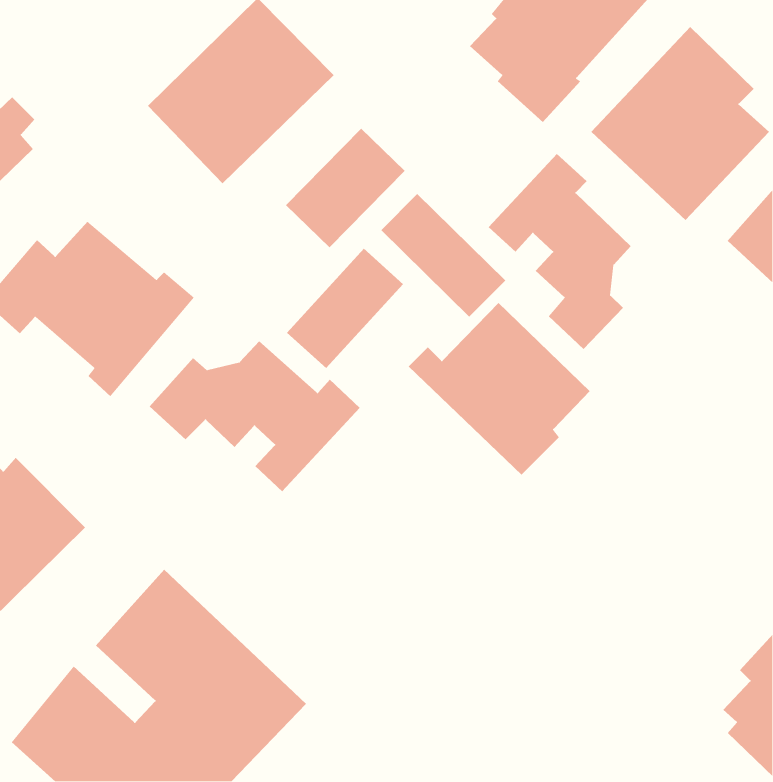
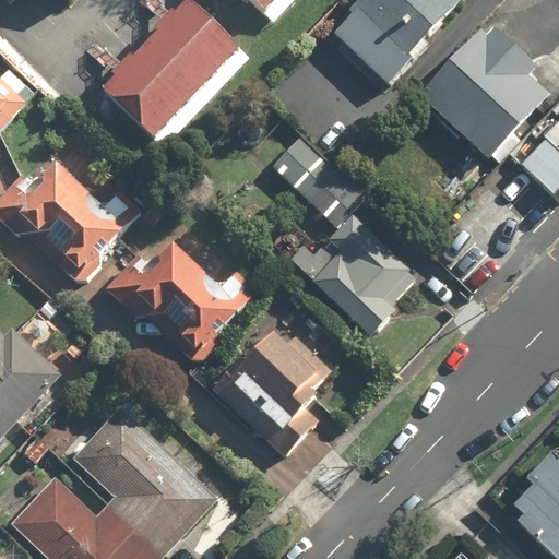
building: [285,128,406,248] -> none
building: [488,153,632,350] -> none
building: [286,248,404,369] -> none
building: none -> [210,330,325,448]

